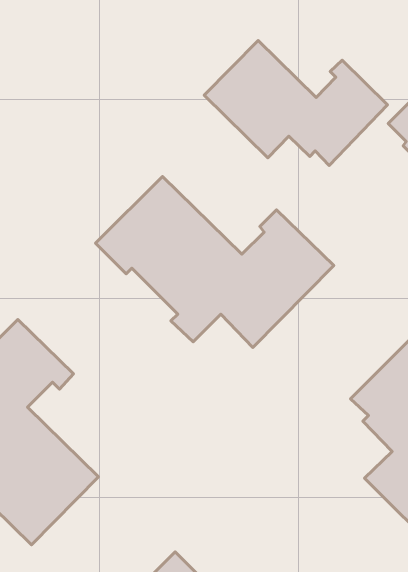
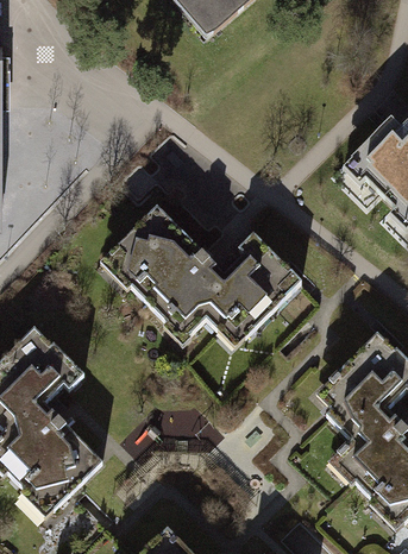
building: [204,41,388,165] -> none

